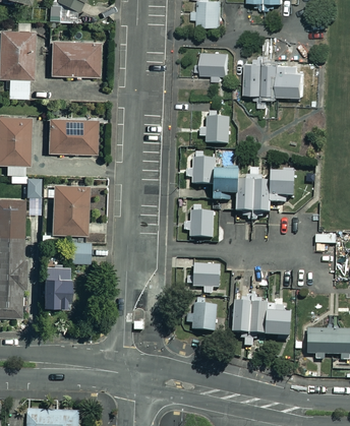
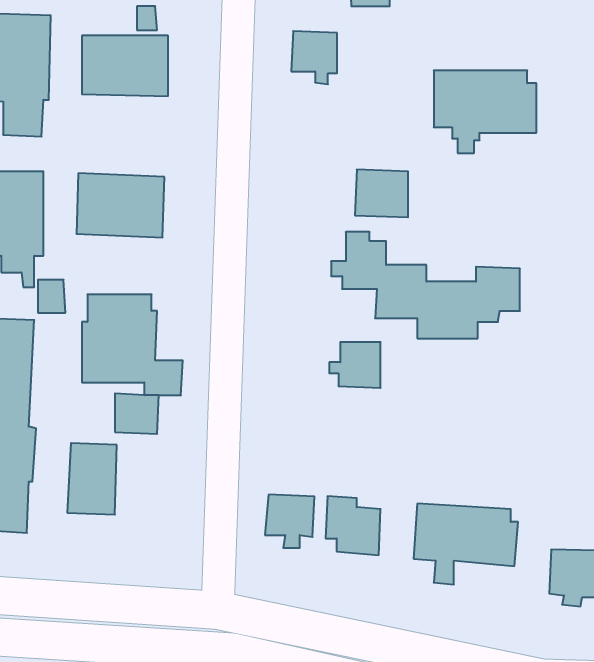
building: [202,52,228,81] -> [291,31,337,84]
building: [195,263,223,293] -> [265,495,314,548]

